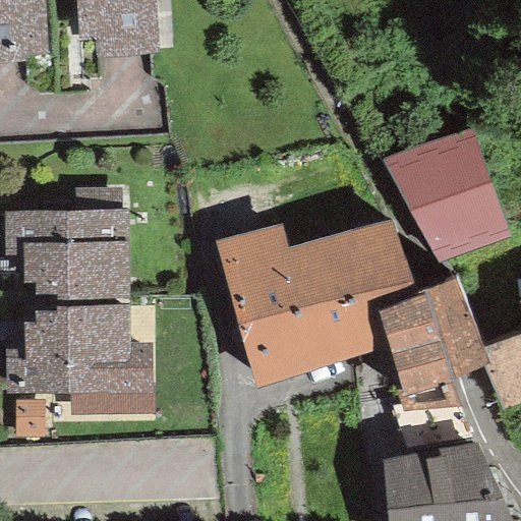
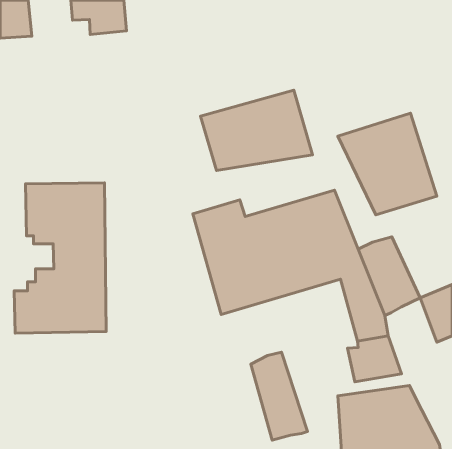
building: none -> [200,90,312,170]
building: none -> [251,352,308,440]

